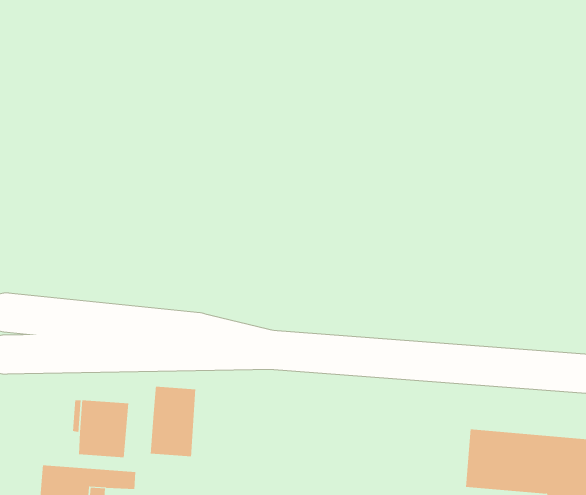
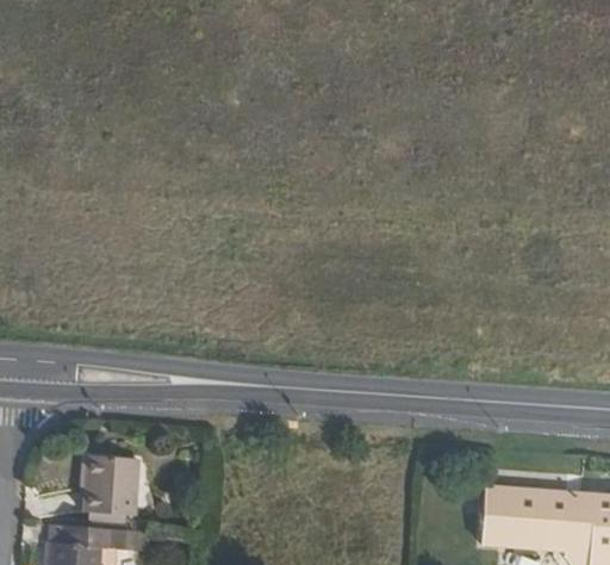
building: [150,386,196,457] -> none

